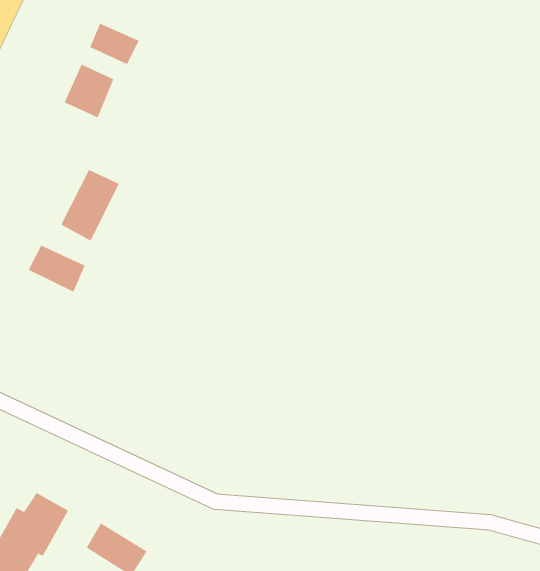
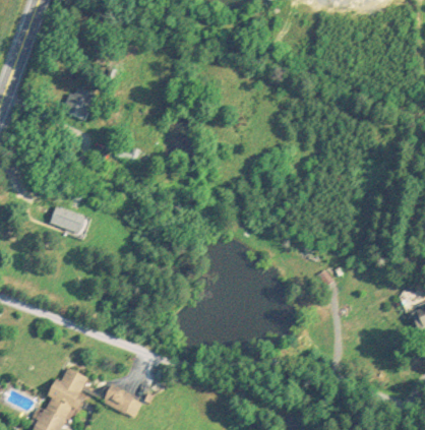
building: [90,23,139,65] -> none
building: [61,169,120,242] -> none

